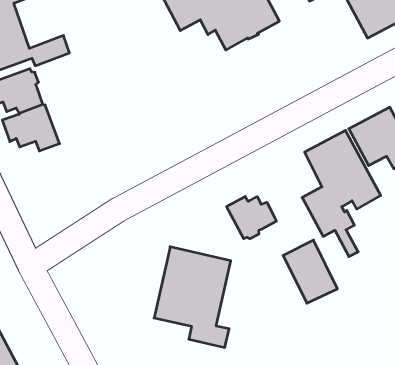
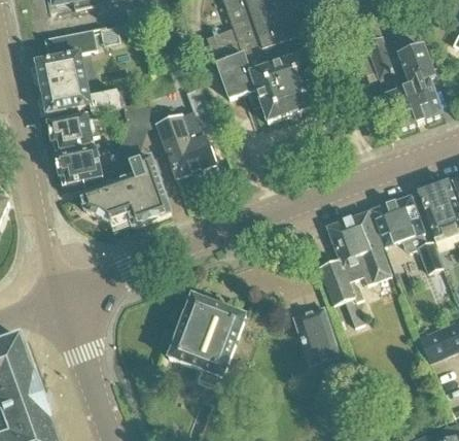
building: none -> [156,84,218,175]
building: none -> [79,155,170,225]
building: [227,196,276,239] -> none

